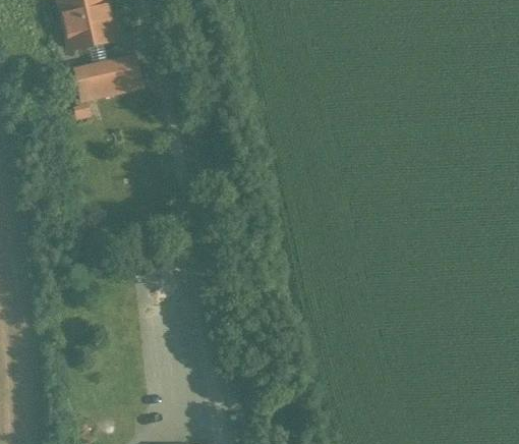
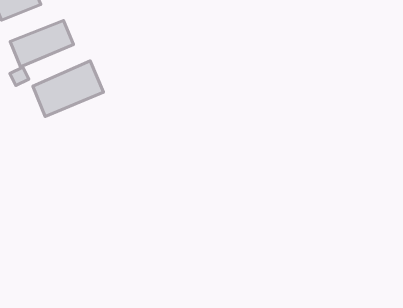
building: none -> [33,61,103,116]

